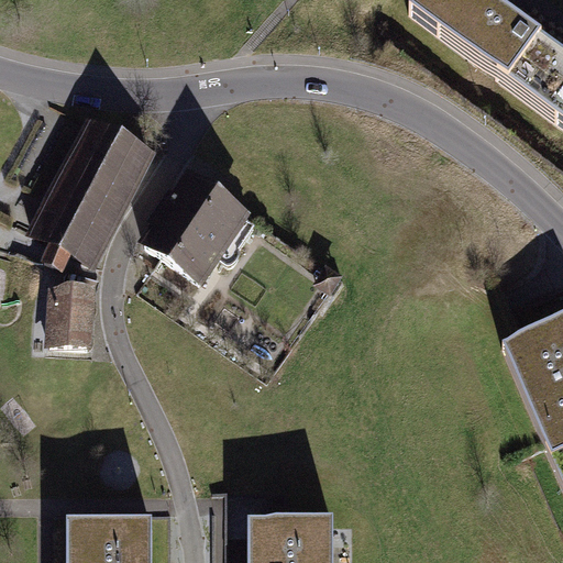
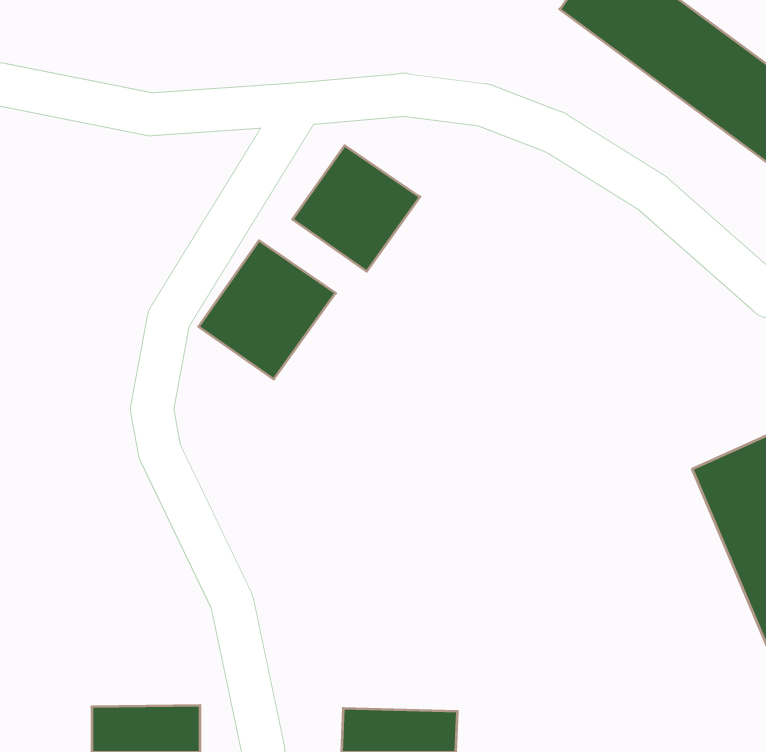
building: none -> [293,146,420,271]
building: [32,122,153,269] -> none
building: [51,288,95,345] -> none

